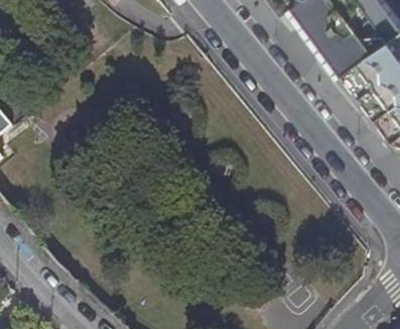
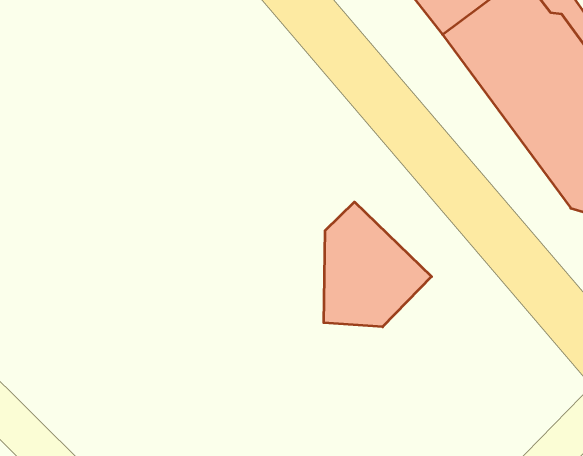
building: none -> [324,202,432,327]

